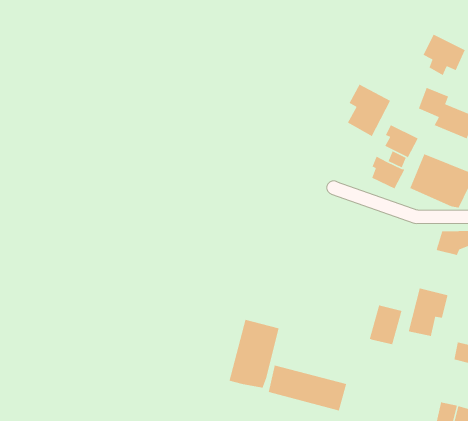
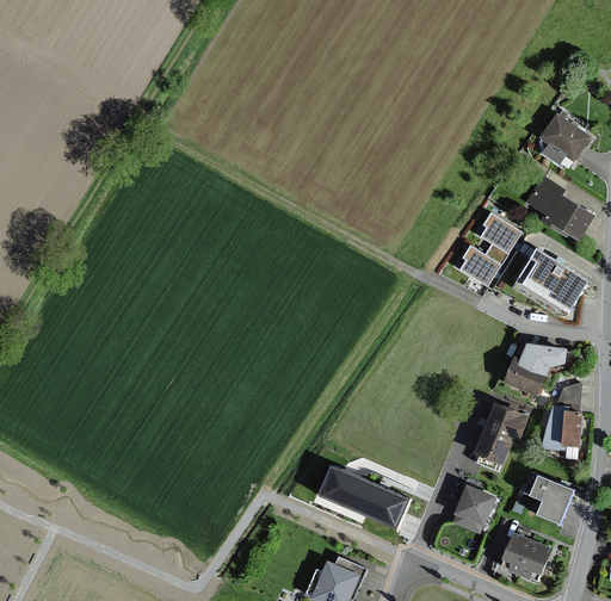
building: [347,84,391,137] -> none
building: none -> [507,352,549,392]
building: [369,304,402,345] -> [445,483,488,532]
building: [228,319,279,388] -> none

